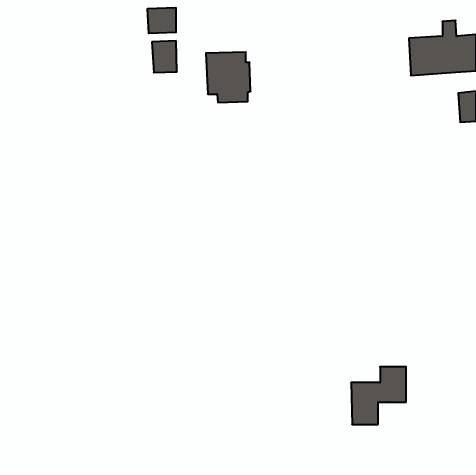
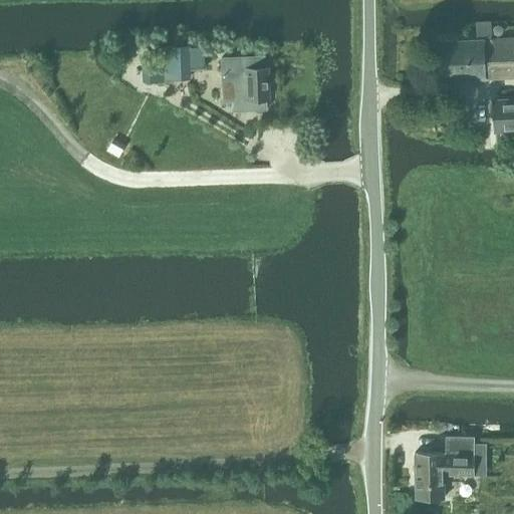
building: [148,8,176,33] -> none
building: [351,367,406,424] -> [416,437,475,499]

